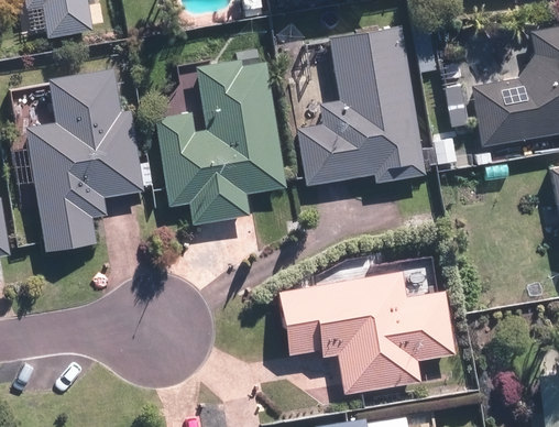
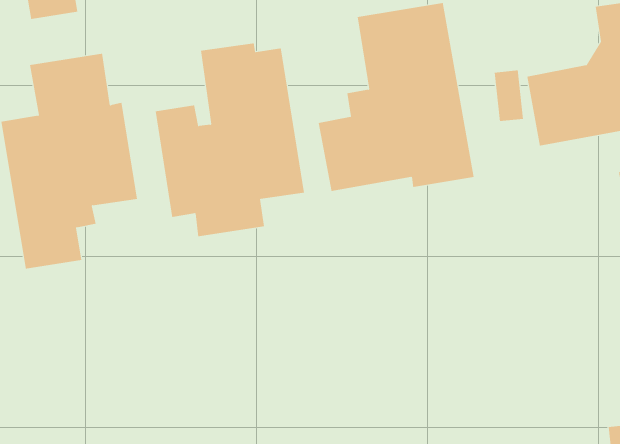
building: [276,270,452,395] -> none

